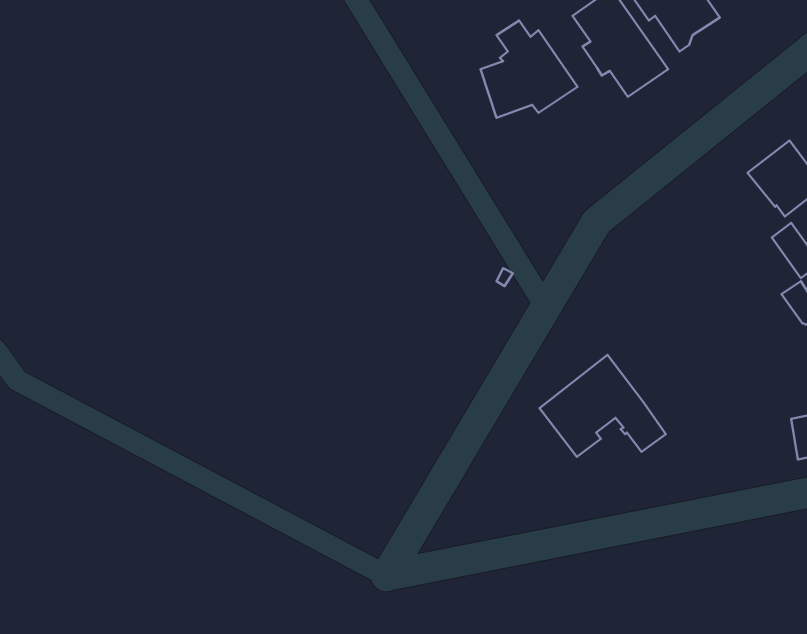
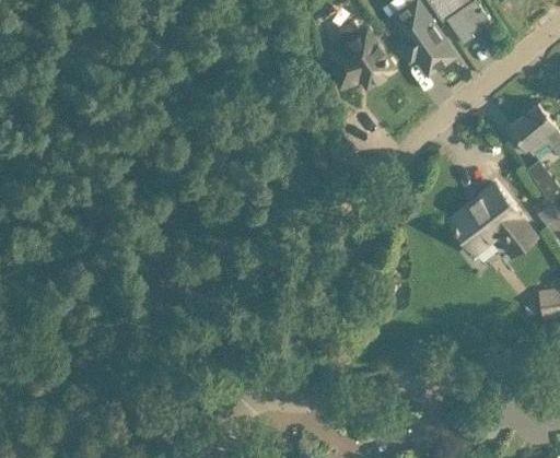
building: [539,355,666,457] -> [448,185,534,254]

